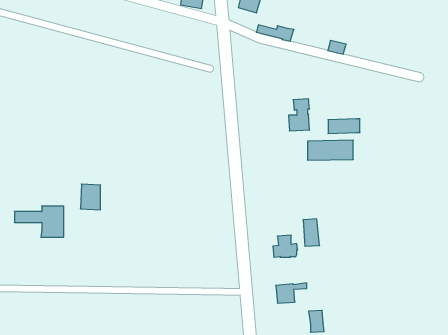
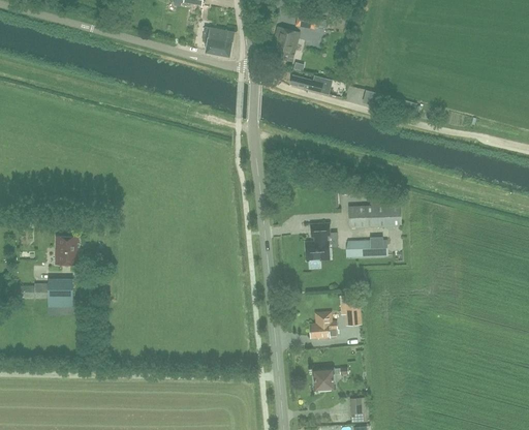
building: [289,99,310,131] -> [305,222,329,258]
building: [328,119,360,134] -> [350,239,386,255]
building: [80,184,101,210] -> [55,235,77,264]

